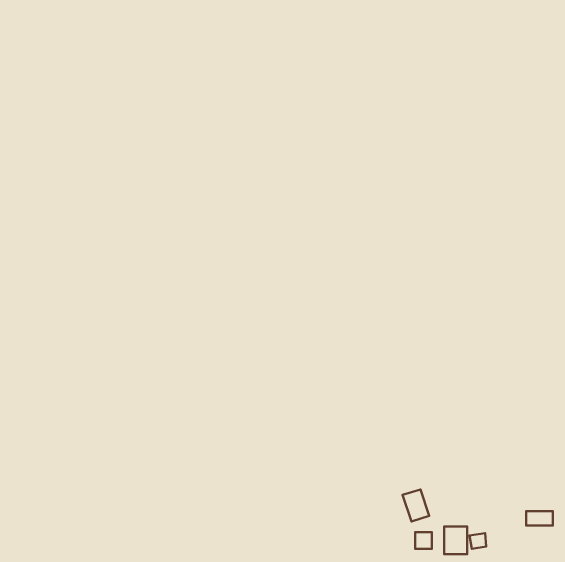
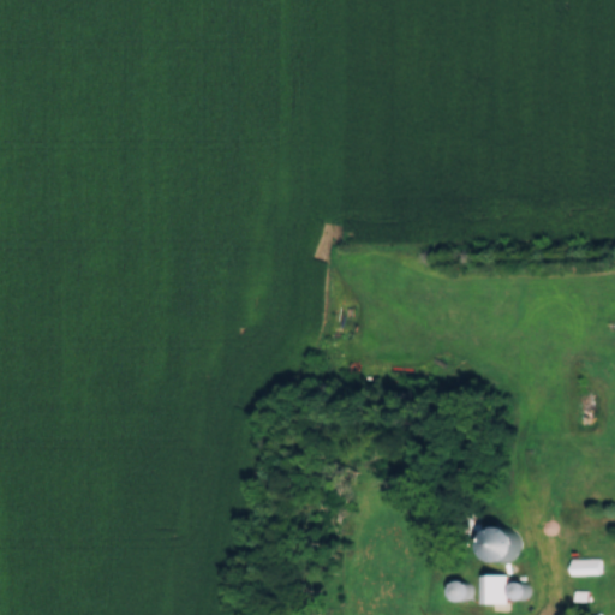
building: [403,489,429,522] -> [483,527,512,562]

